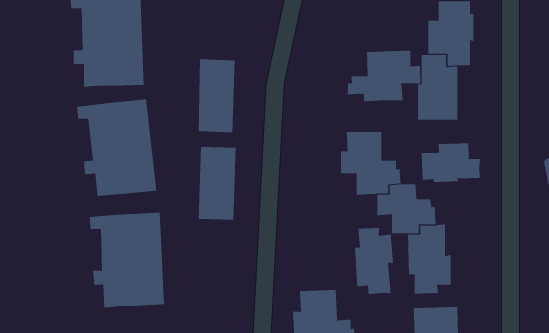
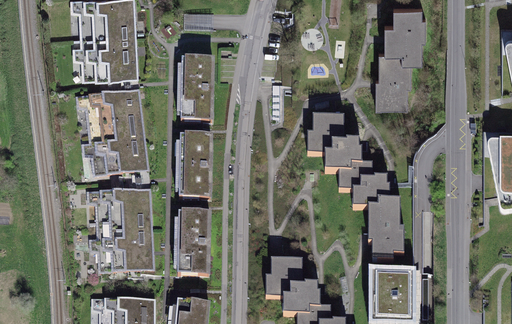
building: [347,50,421,102] -> none
building: [421,142,480,183] -> none
building: [354,227,394,295] -> none
building: none -> [177,209,211,274]

